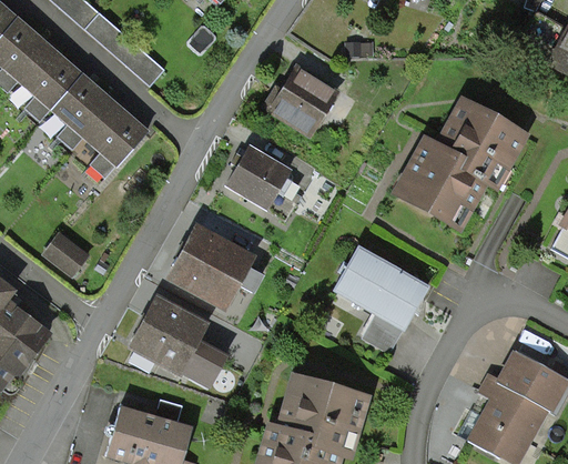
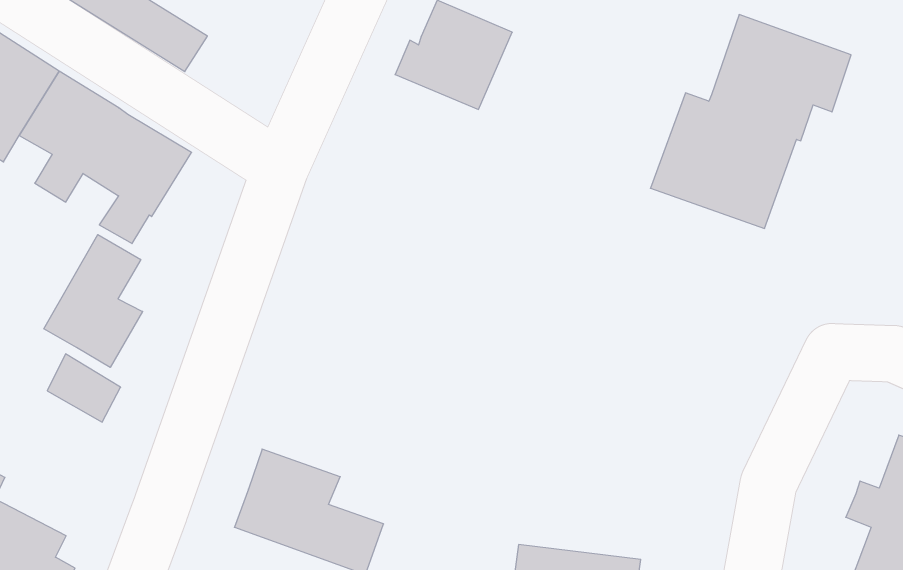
building: [227,147,300,219] -> none
building: none -> [44,235,143,367]
building: [175,231,250,303] -> none
building: [333,246,427,351] -> none

